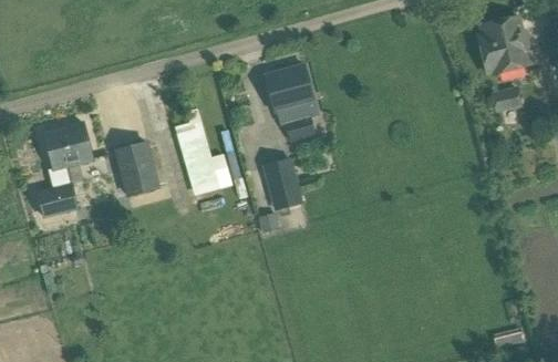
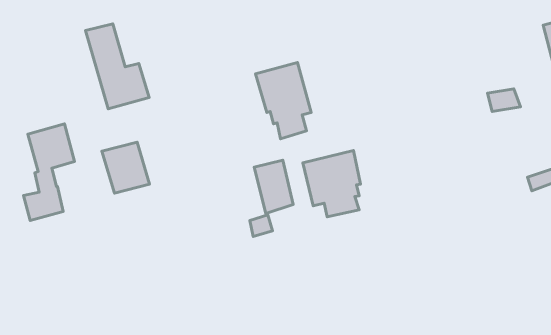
building: [479,18,528,73] -> none
building: [172,113,234,196] -> [85,24,149,109]
building: none -> [303,150,361,217]

